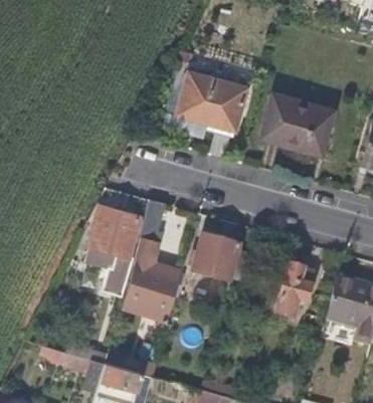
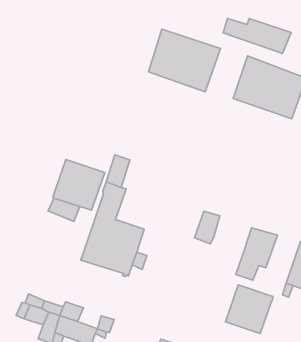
building: none -> [223,18,291,53]
building: [192,234,239,281] -> none
building: none -> [225,285,273,334]

